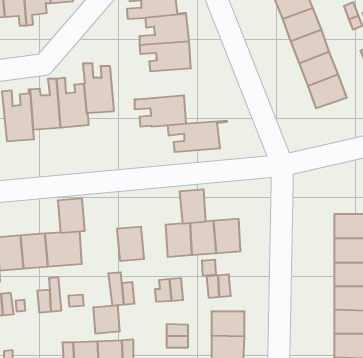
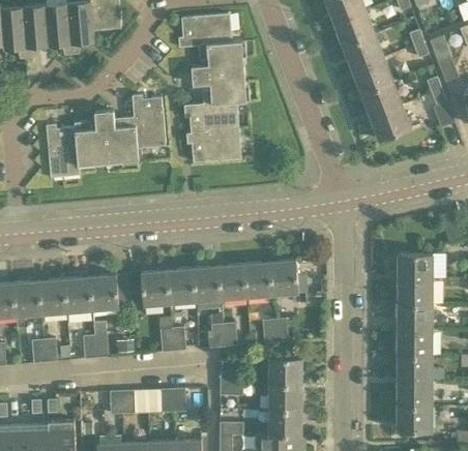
building: [168,121,227,152] -> [182,99,245,132]
building: [179,189,206,223] -> [193,266,221,302]
building: [58,199,85,233] -> [141,270,170,306]
building: [93,305,120,334] -> none

